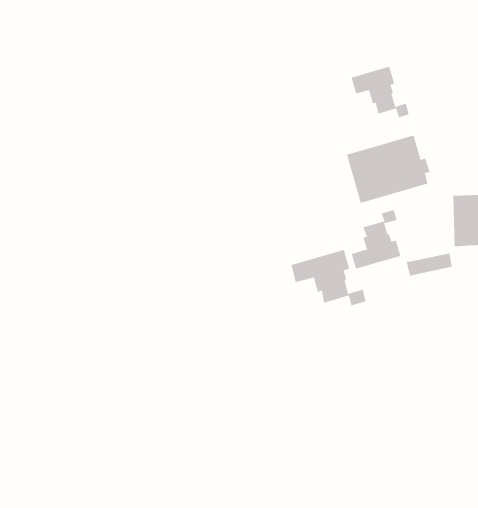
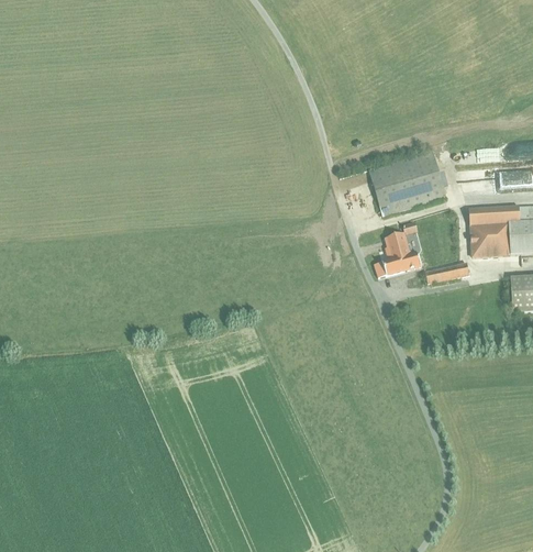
building: [351,66,409,118] -> none
building: [291,249,366,306] -> none

